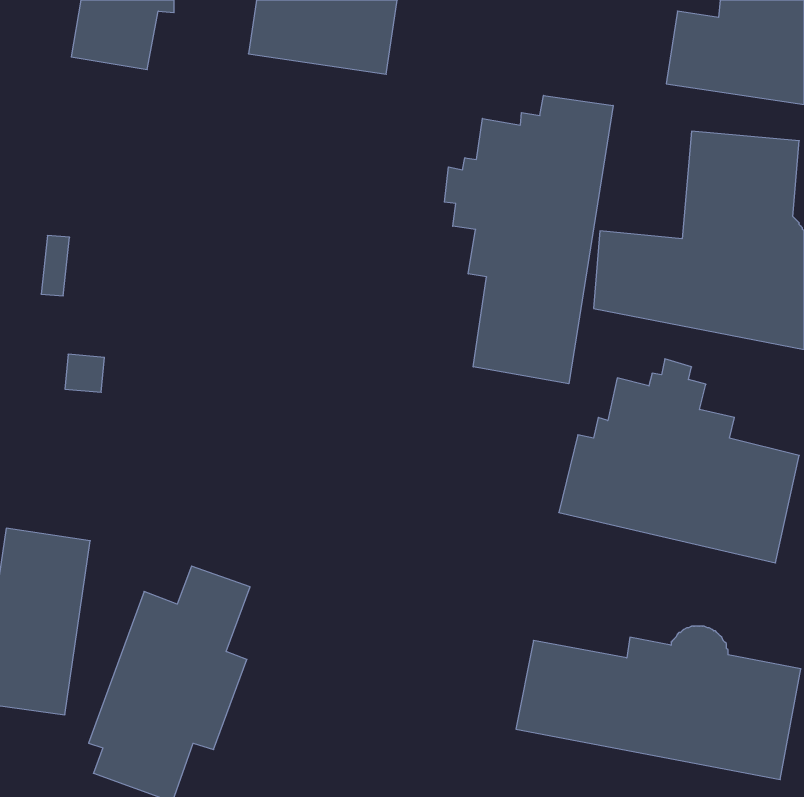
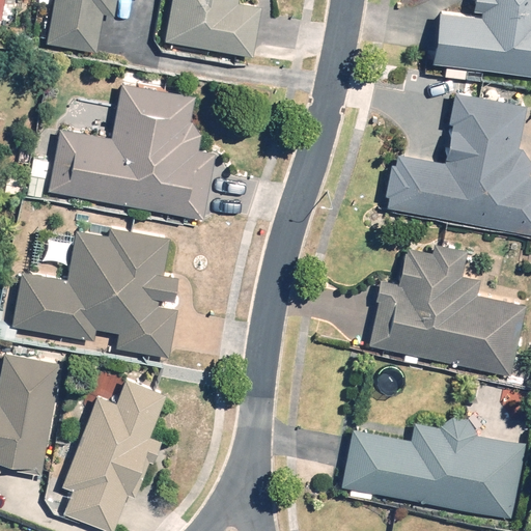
building: [444,95,613,384] -> none
building: none -> [45,84,218,222]
building: none -> [9,228,177,357]

